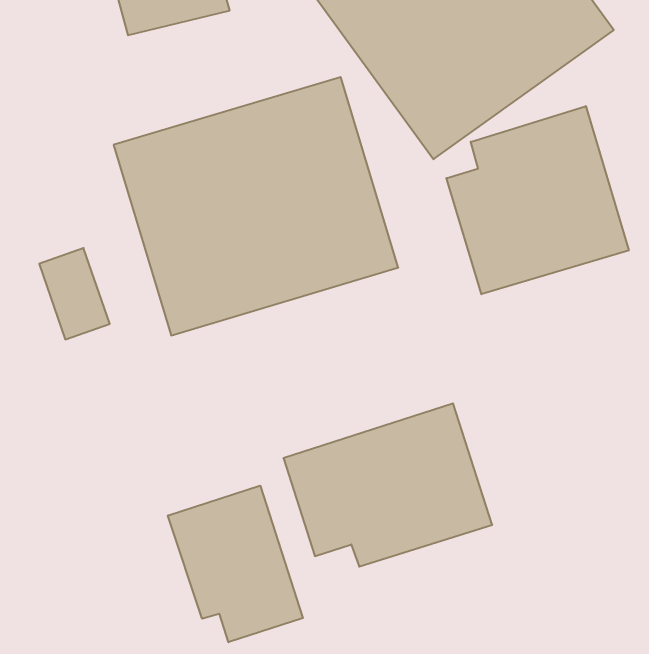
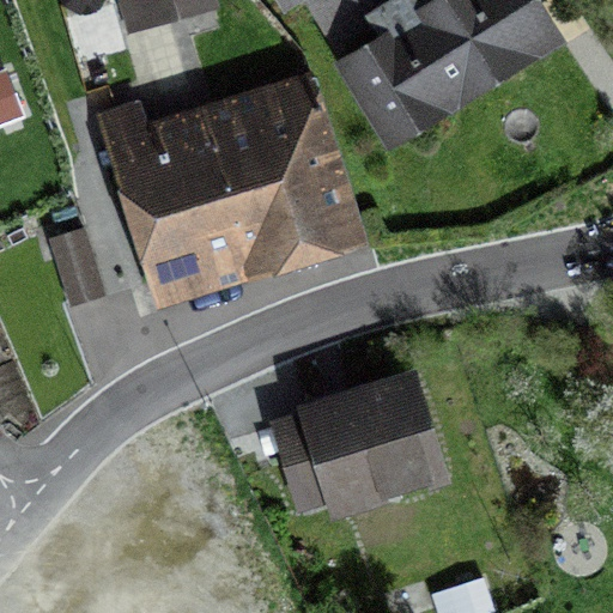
building: [446,106,629,294] -> none
building: [168,486,303,642] -> none

